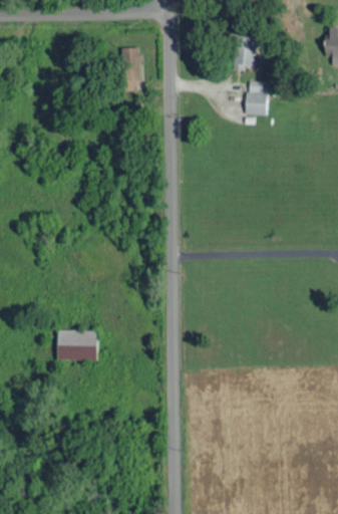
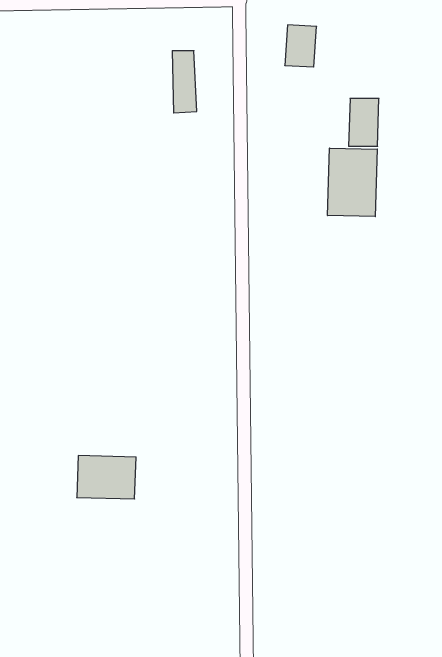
building: [234,37,256,66] -> [285,25,317,67]
building: none -> [328,148,377,217]

